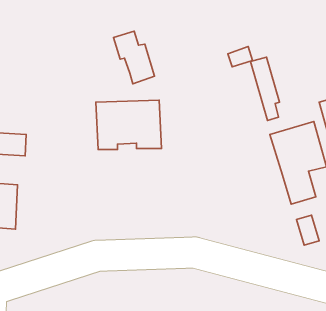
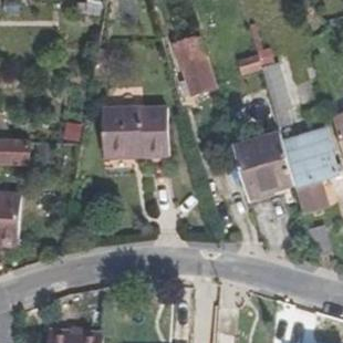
building: [114,31,154,84] -> [173,38,215,92]
building: none -> [232,133,293,197]

